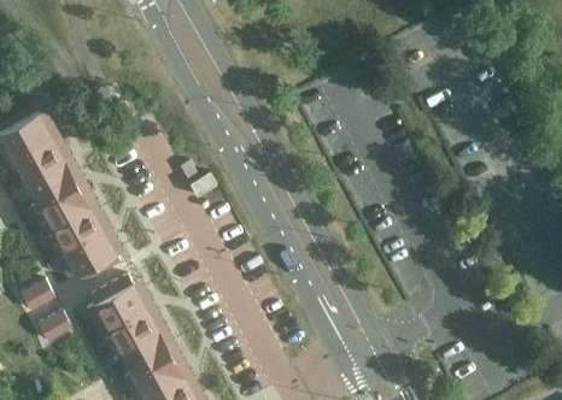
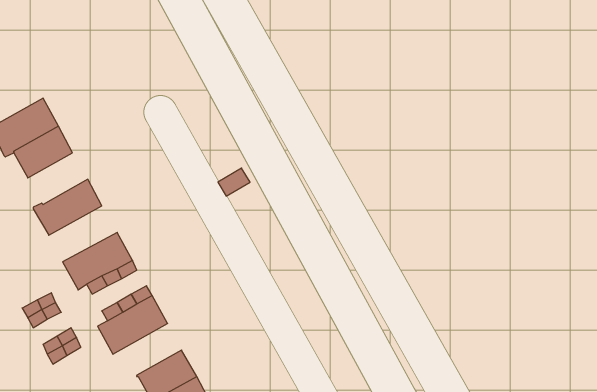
building: [29,163,81,207] -> none
building: [47,208,106,257] -> none
building: [103,310,162,359] -> none

